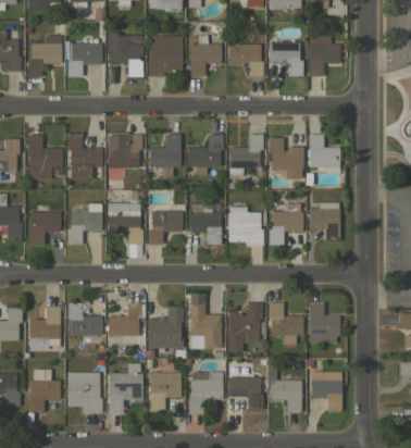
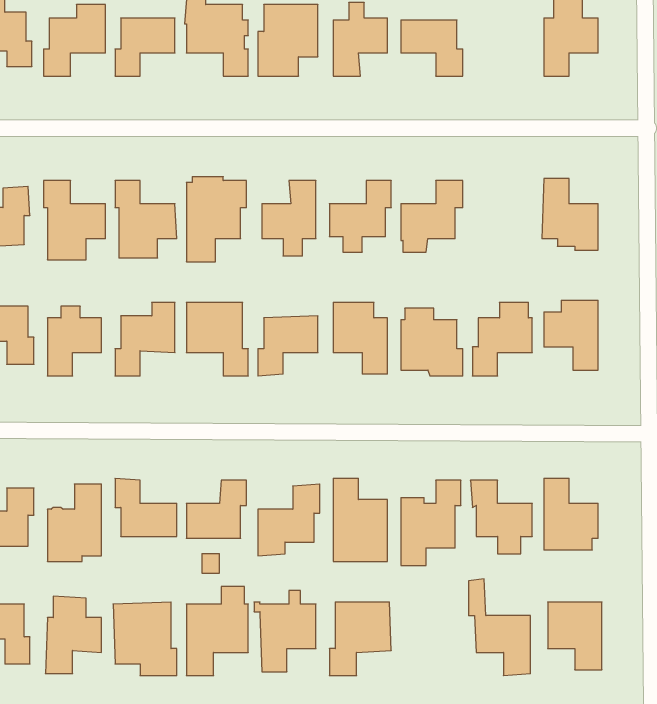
building: [269,42,302,76] -> none
building: [266,138,302,178] -> none
building: [228,377,263,409] -> none

